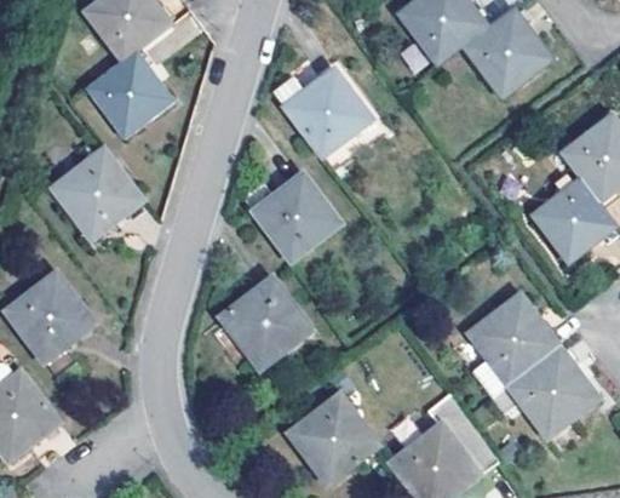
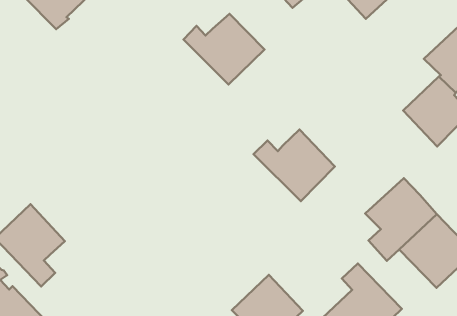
building: [88,50,170,134] -> none
building: [56,150,143,239] -> none
building: [240,174,338,263] -> [254,130,335,201]
building: [223,279,310,366] -> none

